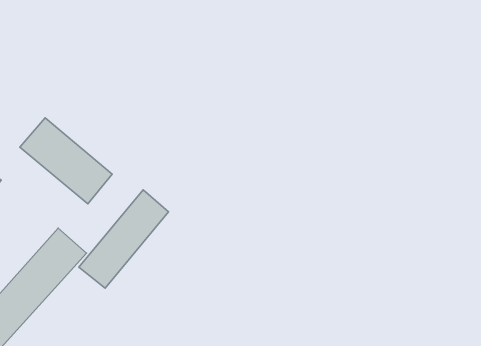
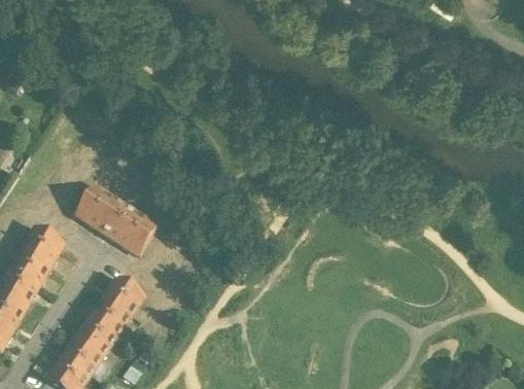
building: [79,190,168,288] -> none

